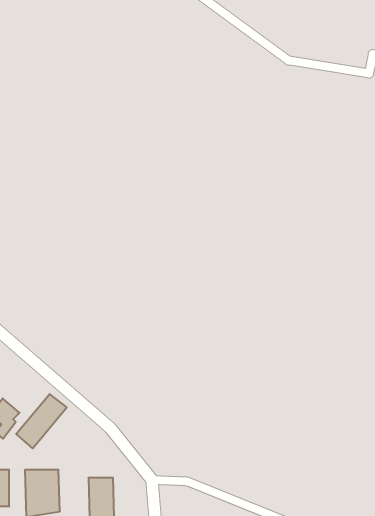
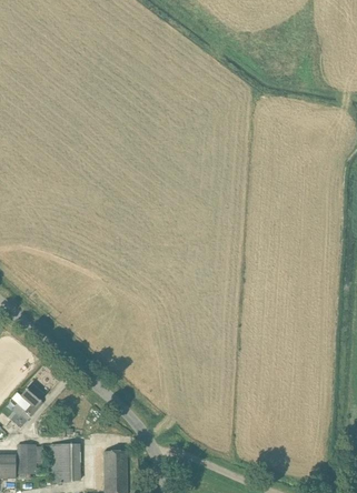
building: [16,394,67,448] -> none

